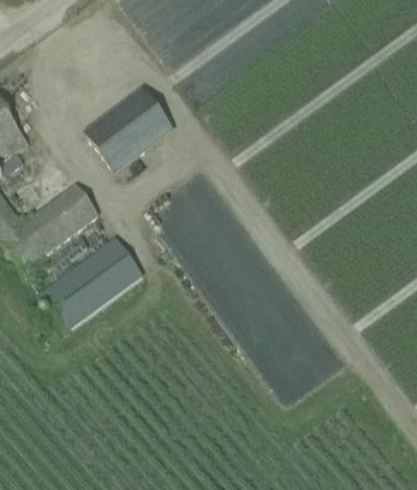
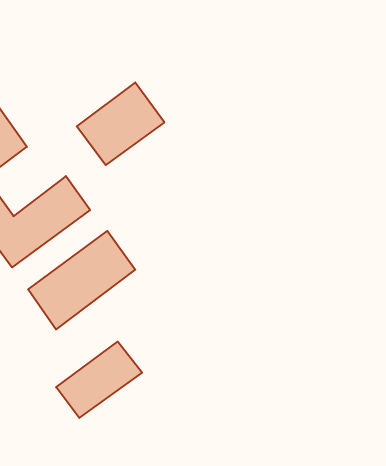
building: none -> [56,342,142,418]

